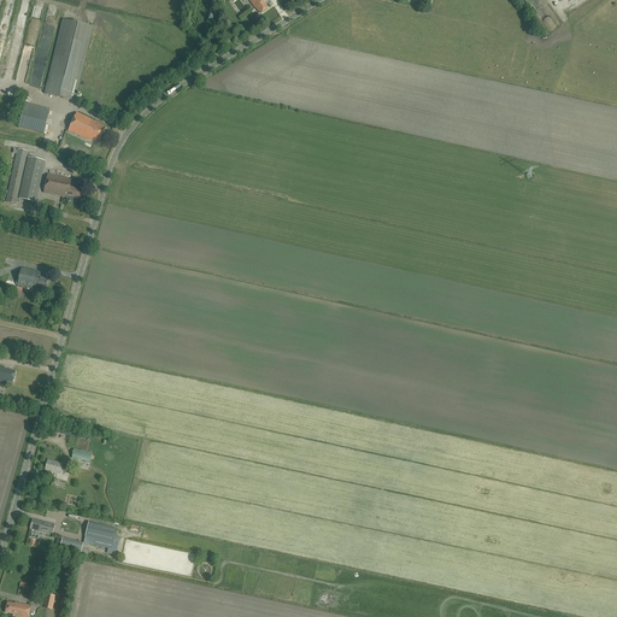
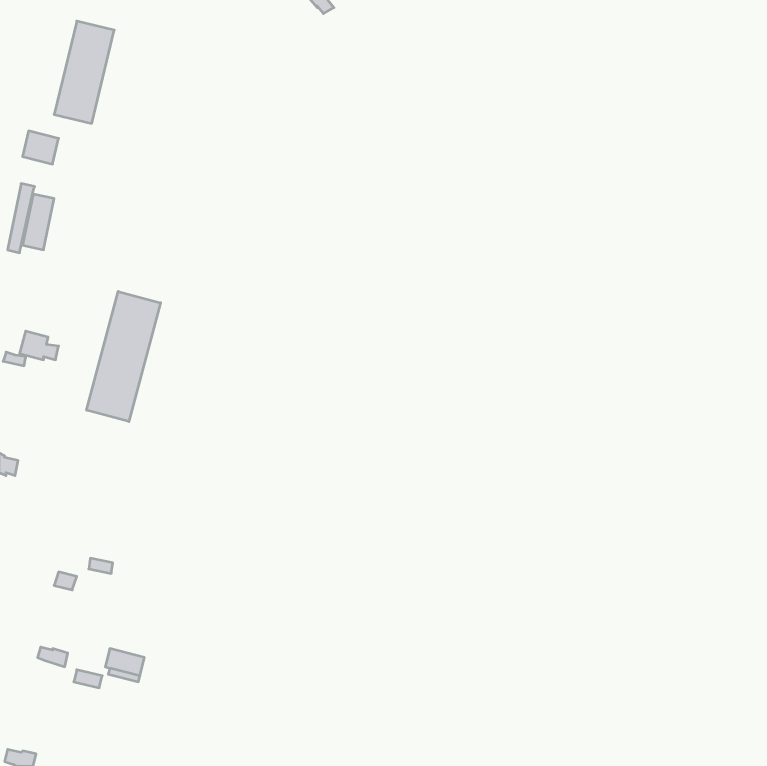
building: [67,111,104,140] -> none
building: [43,171,81,199] -> none
building: none -> [87,291,161,422]

